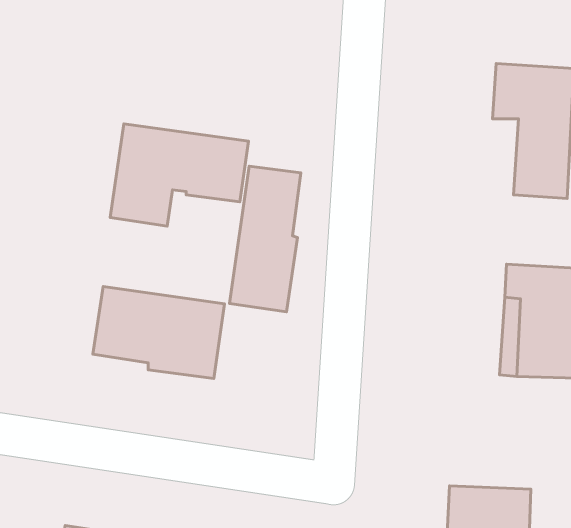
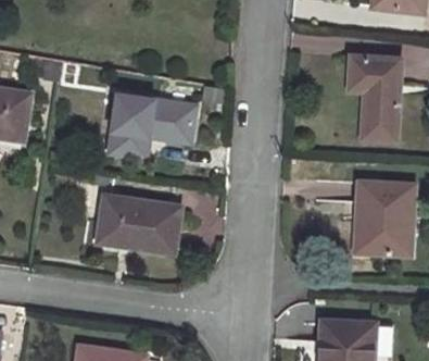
building: [230,166,301,312] -> none

